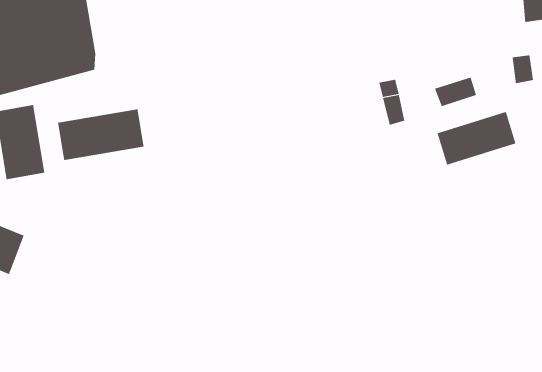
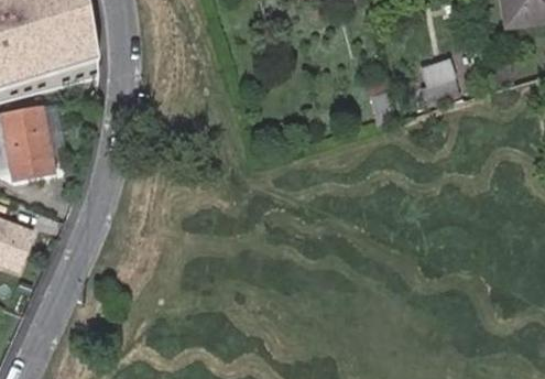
building: [58,109,144,161] -> none
building: [437,111,516,165] -> none

